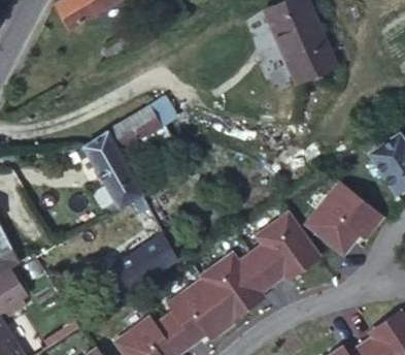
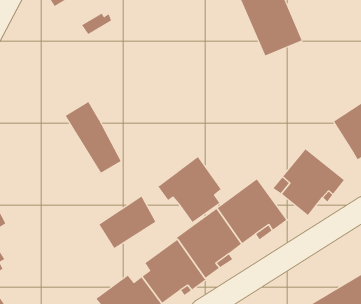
building: [107,97,174,151] -> none
building: none -> [158,156,222,223]

